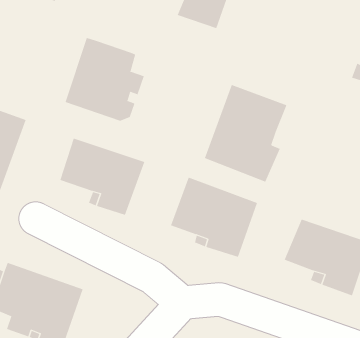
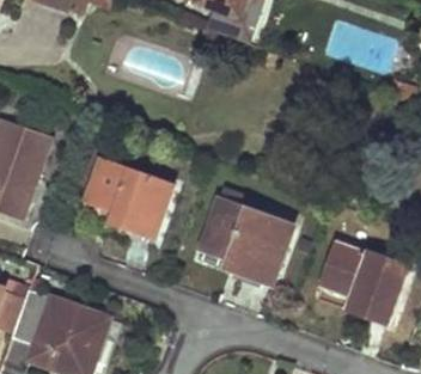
building: [65,37,144,122] -> none
building: [204,84,287,182] -> none

